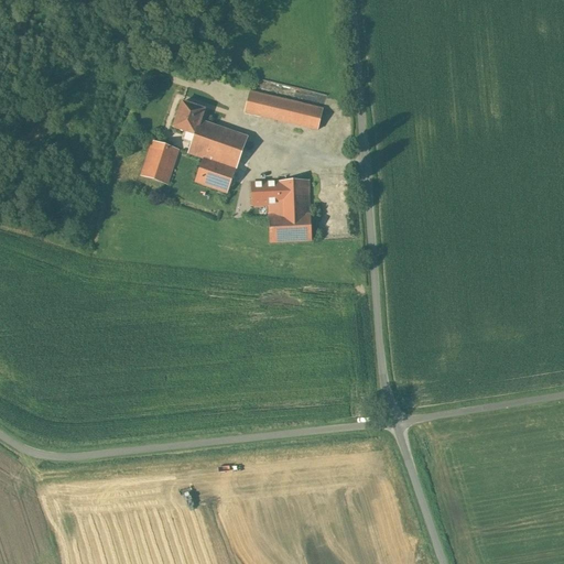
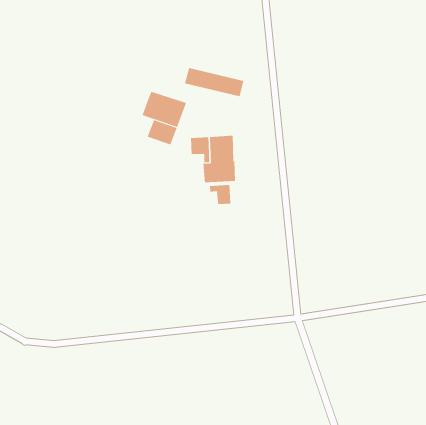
building: [173,100,204,133] -> none
building: [141,140,178,183] -> none
building: none -> [209,184,231,205]

